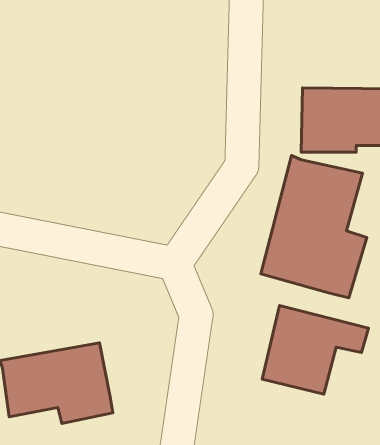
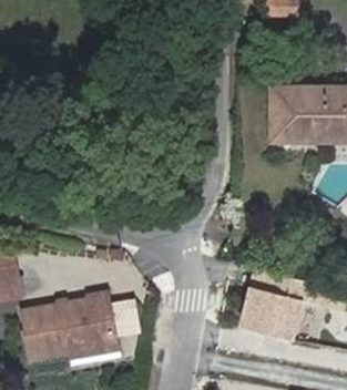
building: [261,156,367,298] -> none

